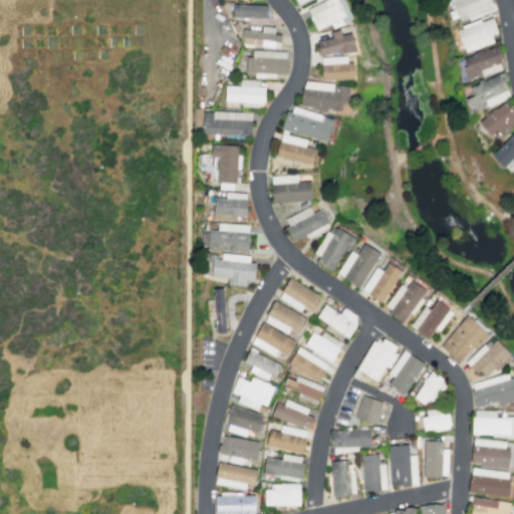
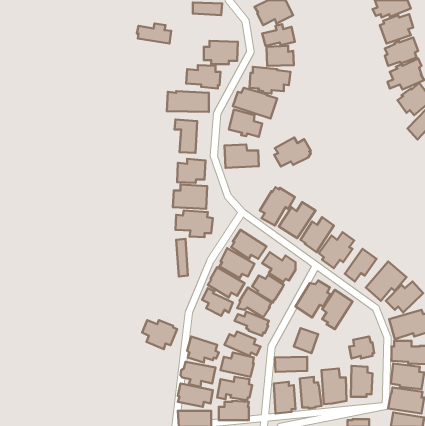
building: [242,26,283,50] -> [137,23,171,43]
building: [286,207,330,242] -> [274,137,311,167]
building: [414,371,448,407] -> none
building: [233,376,275,412] -> [142,320,177,349]

